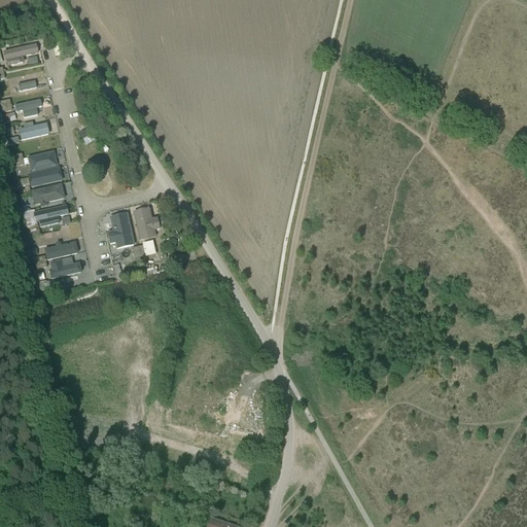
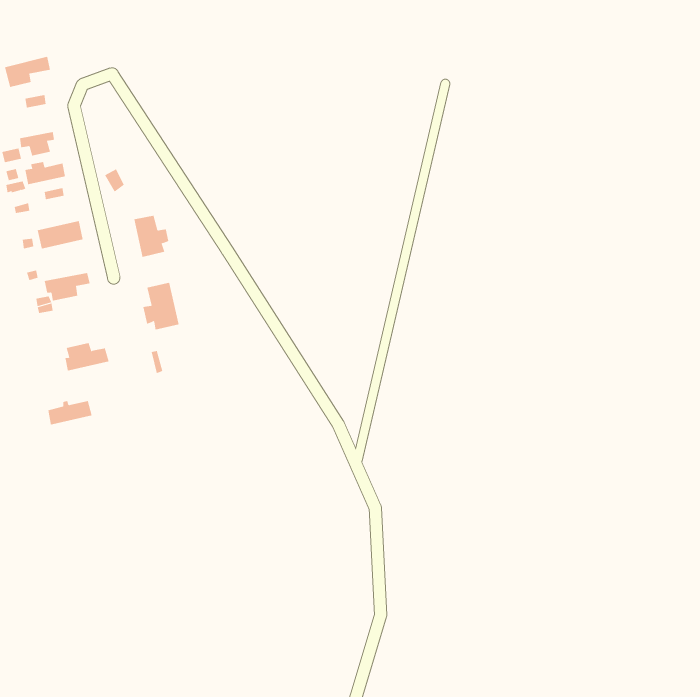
building: [28,150,58,171] -> none
building: [31,182,65,205] -> none
building: [133,208,160,240] -> [134,215,169,257]
building: [44,241,78,259] -> [47,401,93,425]

